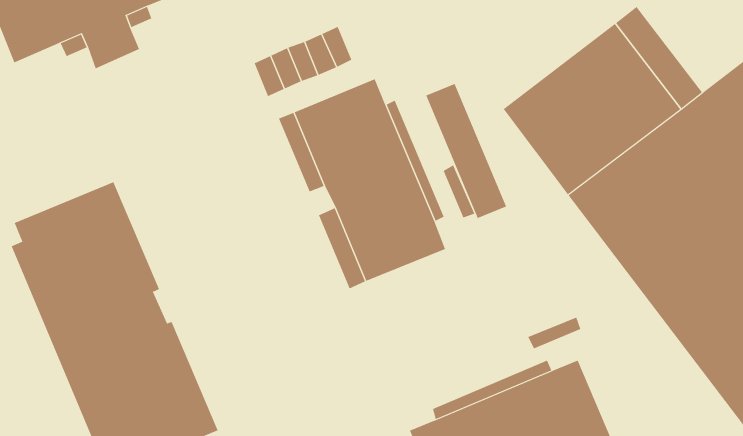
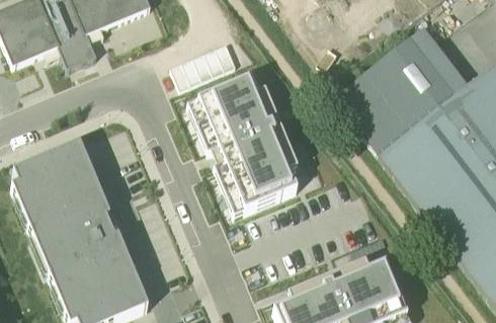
building: [425,83,507,219] -> none

